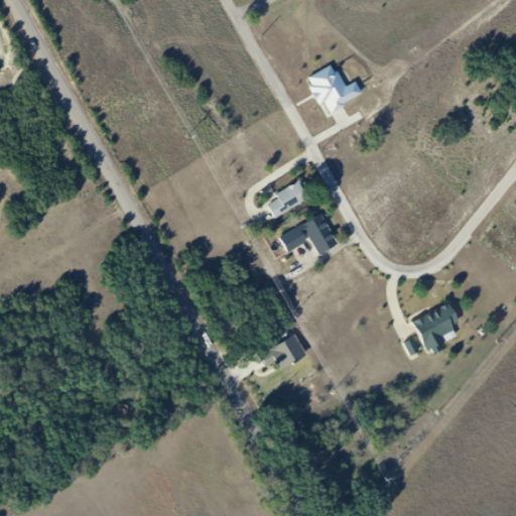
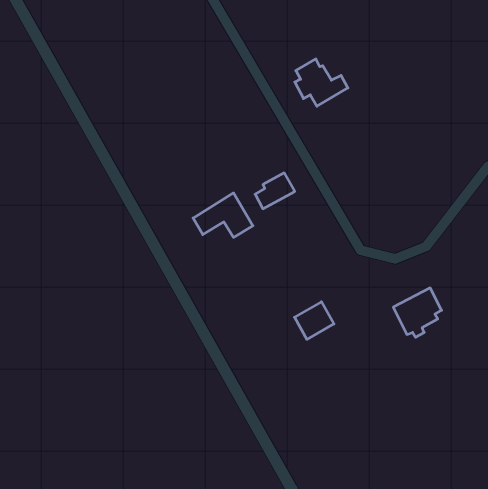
building: [276,209,339,255] -> [193,193,253,237]
building: [265,333,306,372] -> [294,302,334,339]

